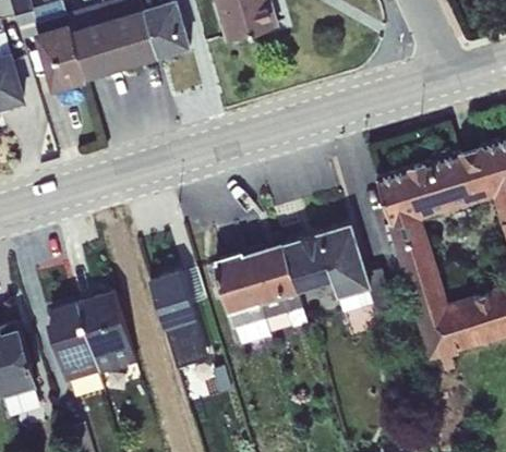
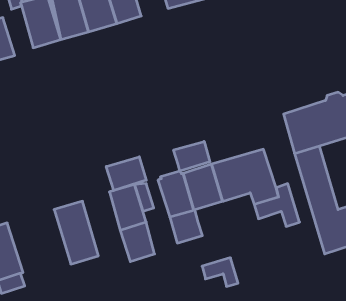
building: none -> [174,141,210,171]
building: none -> [106,157,146,191]
building: [261,292,308,329] -> [202,258,238,286]
building: [47,302,99,383] -> none

